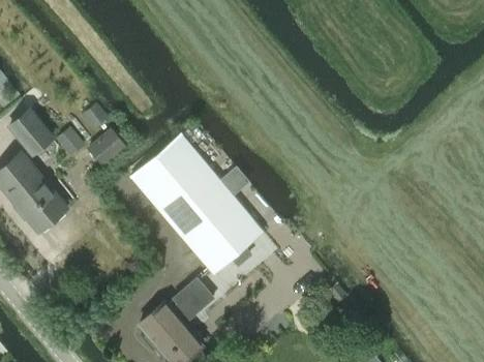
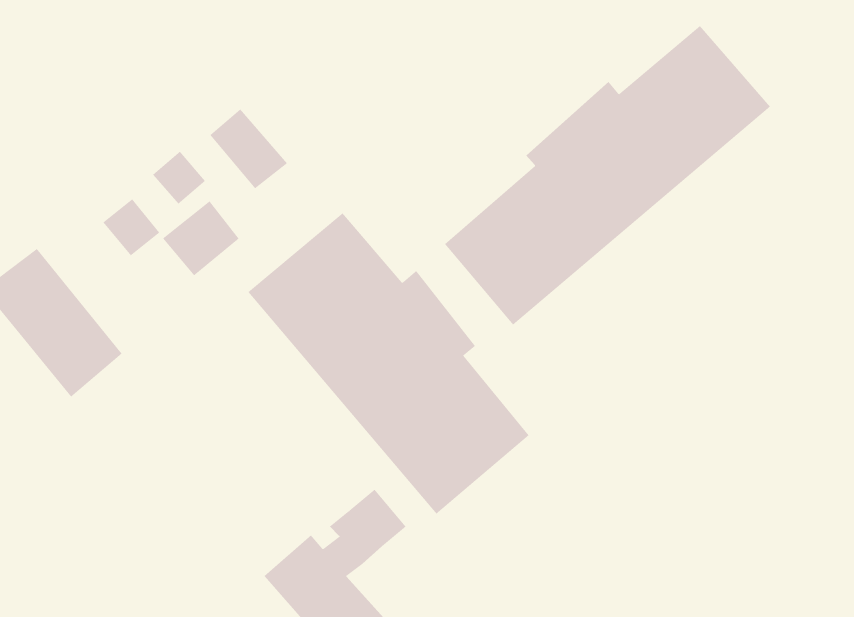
building: none -> [444,25,771,325]
building: none -> [210,108,288,189]
building: [9,109,52,153] -> none

